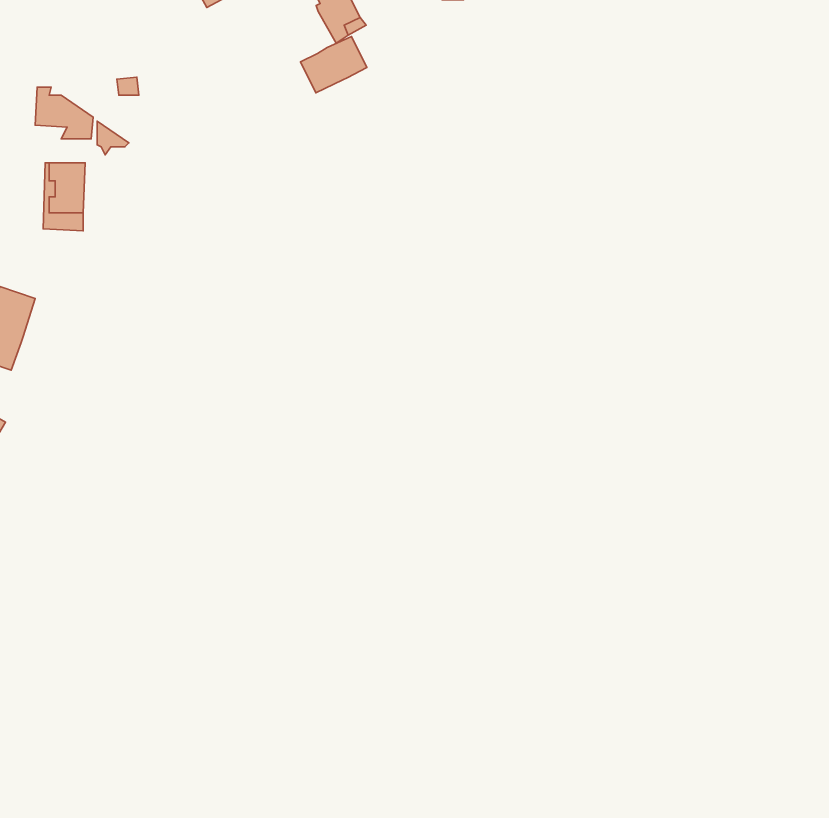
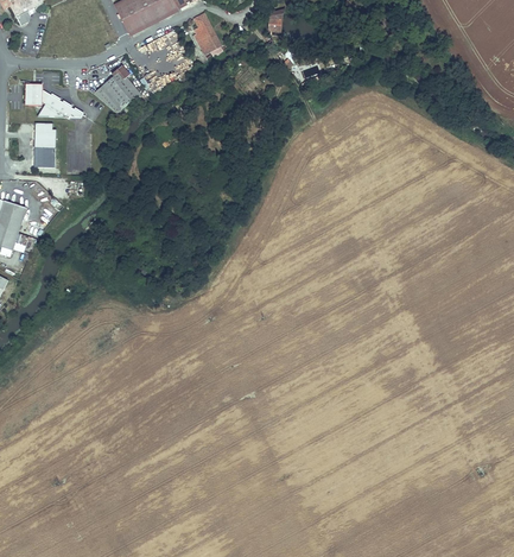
building: [301,36,367,93] -> none
building: none -> [93,63,138,112]

